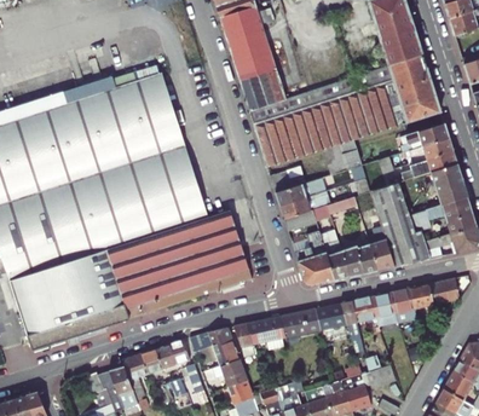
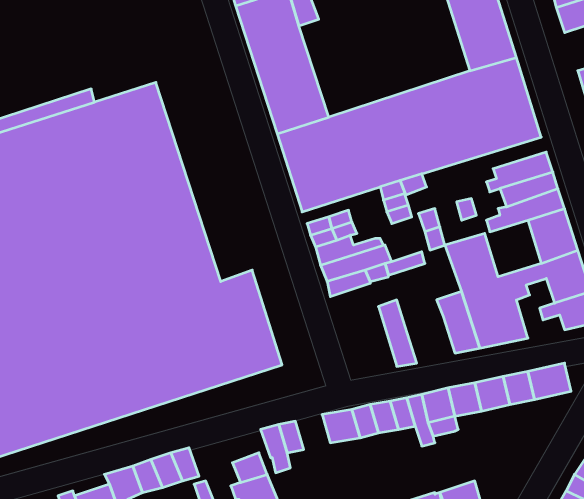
building: [294,230,334,285] -> none
building: [340,243,376,277] -> none
building: [260,314,285,349] -> none
building: [190,327,233,356] -> none

